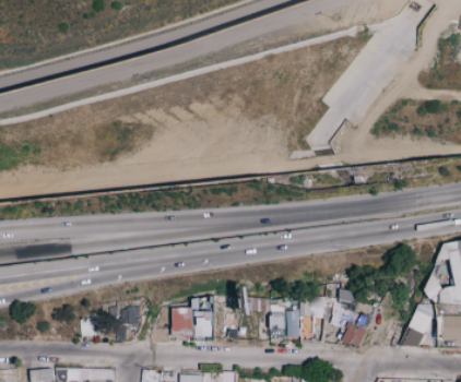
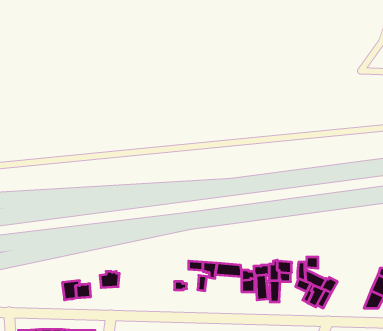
building: [172,308,193,335] -> none

